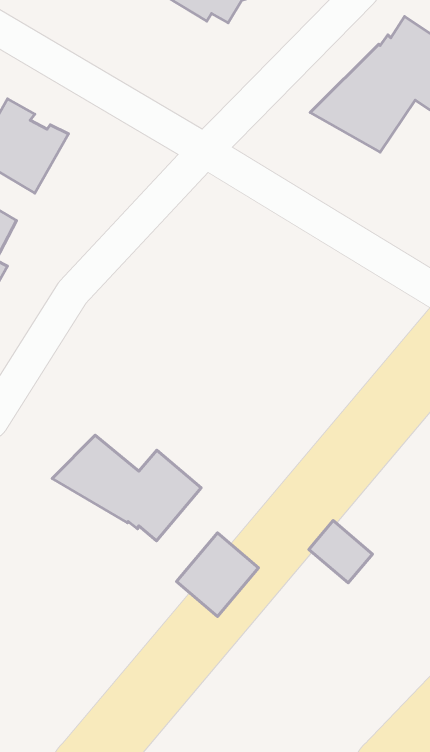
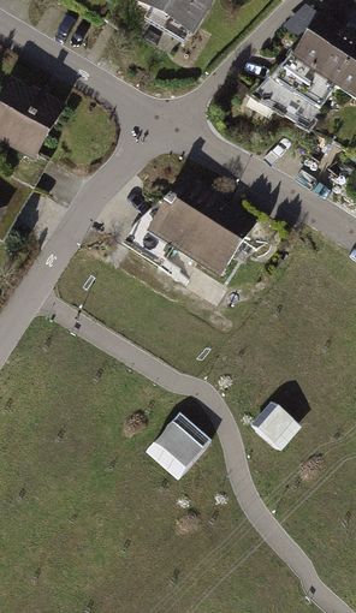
building: none -> [129,179,254,269]
building: [52,435,201,541] -> none

